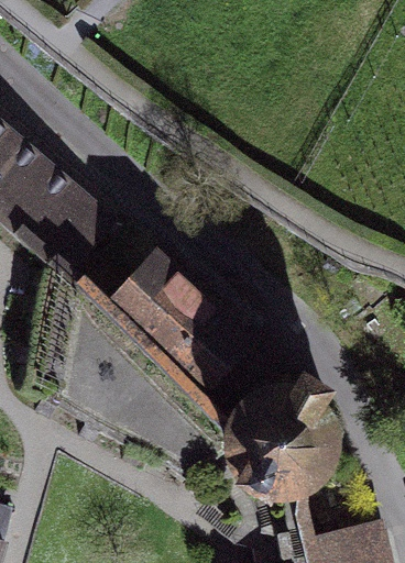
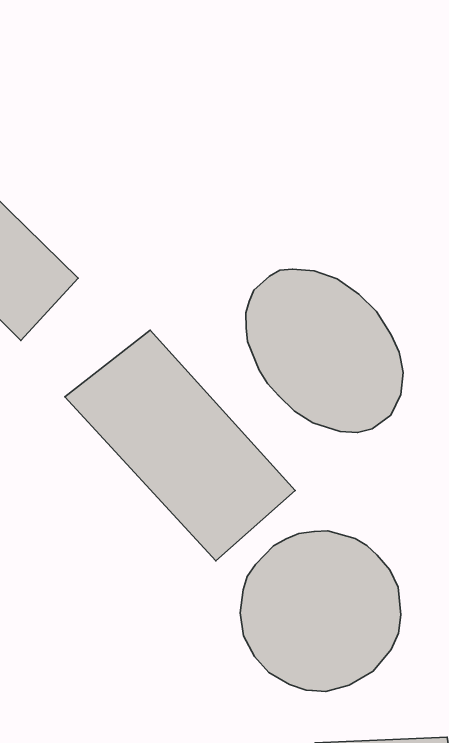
building: none -> [246,269,403,433]

